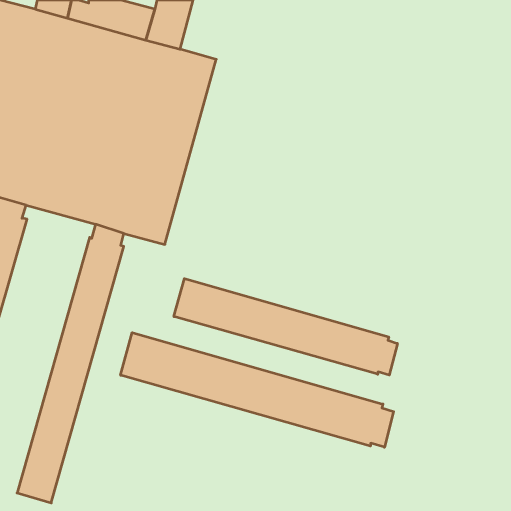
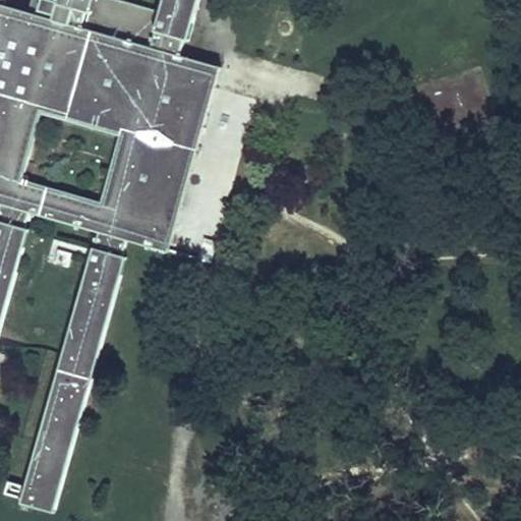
building: [174,279,397,375] -> none
building: [121,333,394,447] -> none

